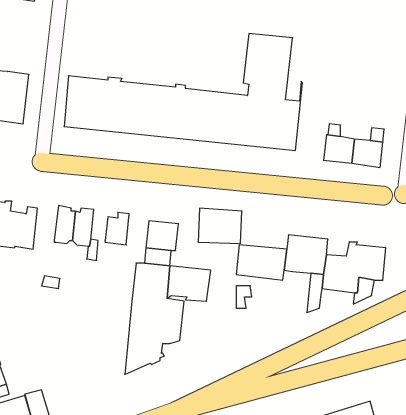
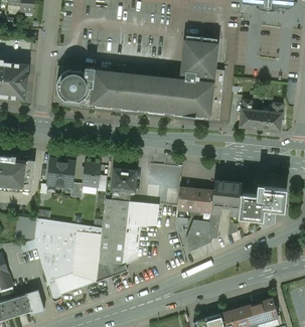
building: none -> [185,204,218,251]
building: none -> [33,217,102,297]

